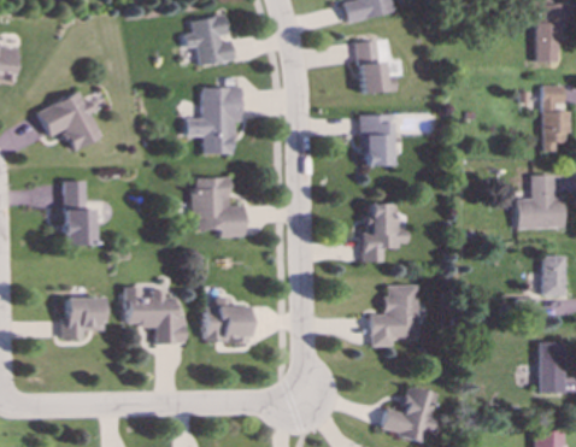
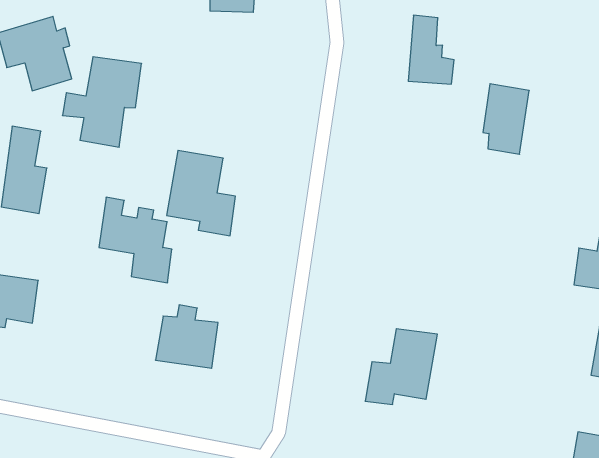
building: [186,86,241,153] -> [62,57,142,147]
building: [359,114,392,165] -> [483,84,529,154]
building: [363,202,407,261] -> none
building: [125,286,184,343] -> [99,197,172,283]

